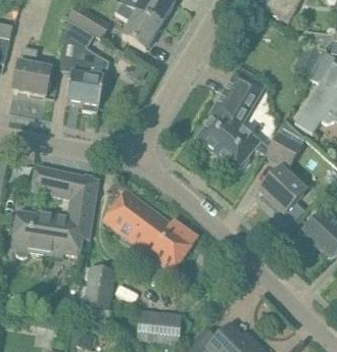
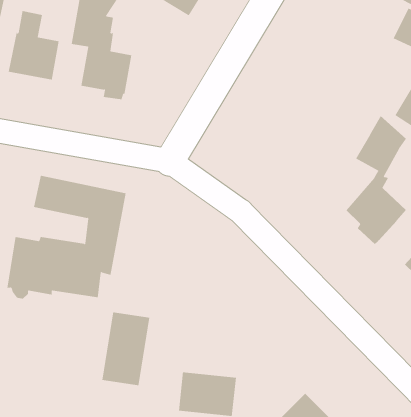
building: [196,70,260,169] -> none
building: [103,190,197,270] -> none

